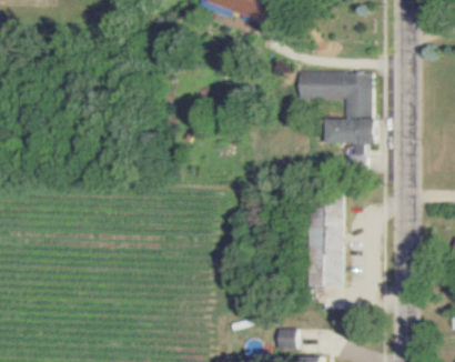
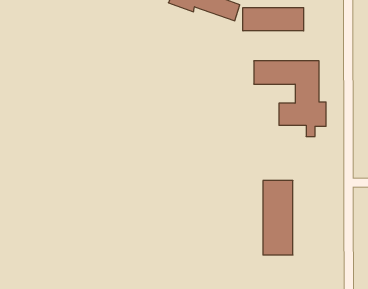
building: none -> [243,8,304,31]

